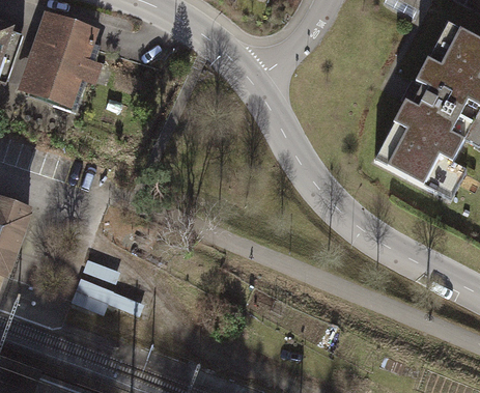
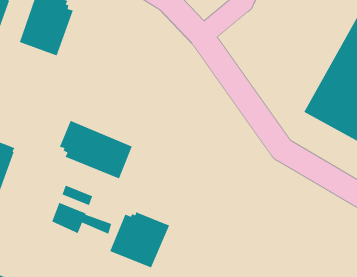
building: none -> [59,120,133,180]
building: none -> [109,211,170,269]

